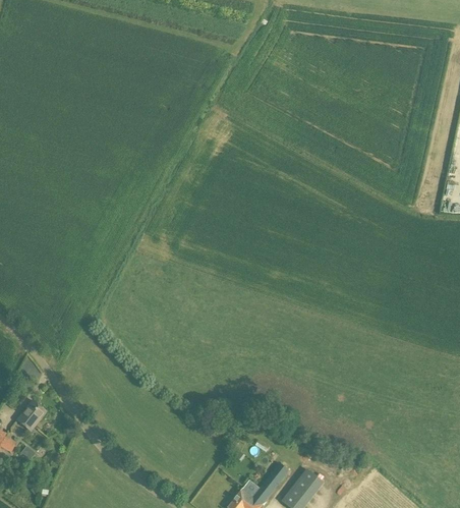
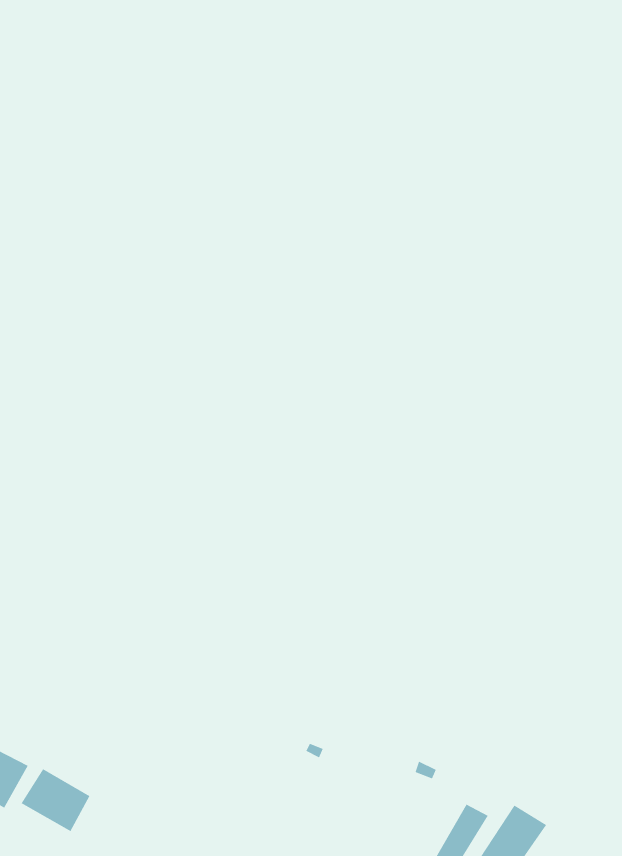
building: none -> [20,768,90,832]

